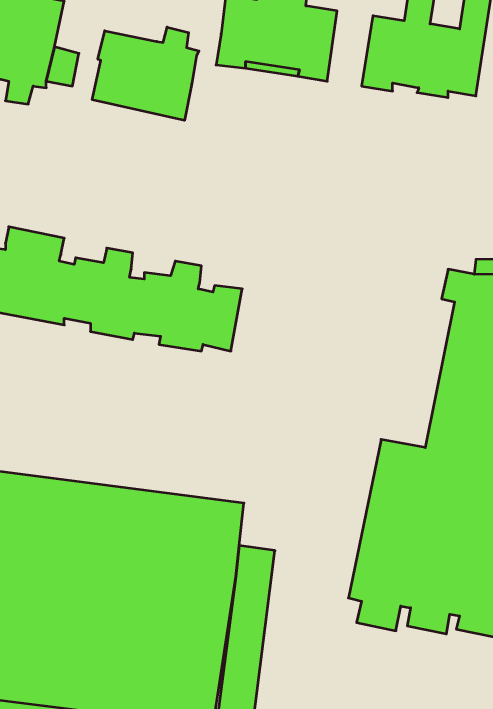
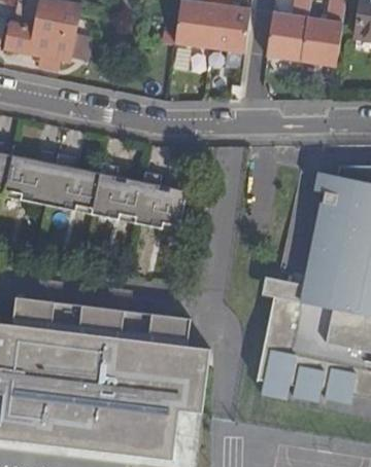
building: [92,27,199,120] -> none

